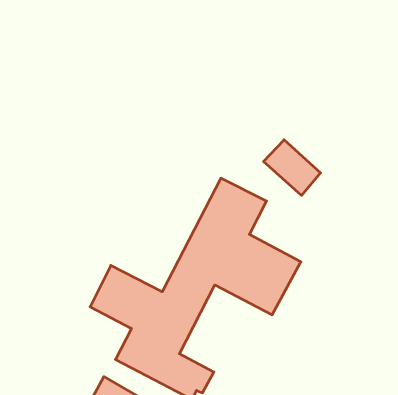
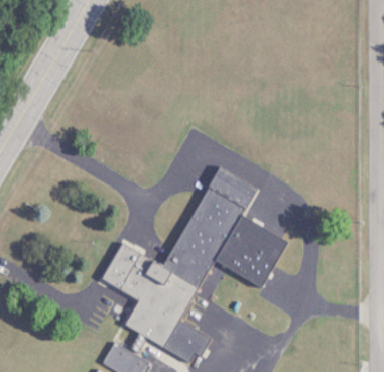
building: [264,140,321,195] -> none

